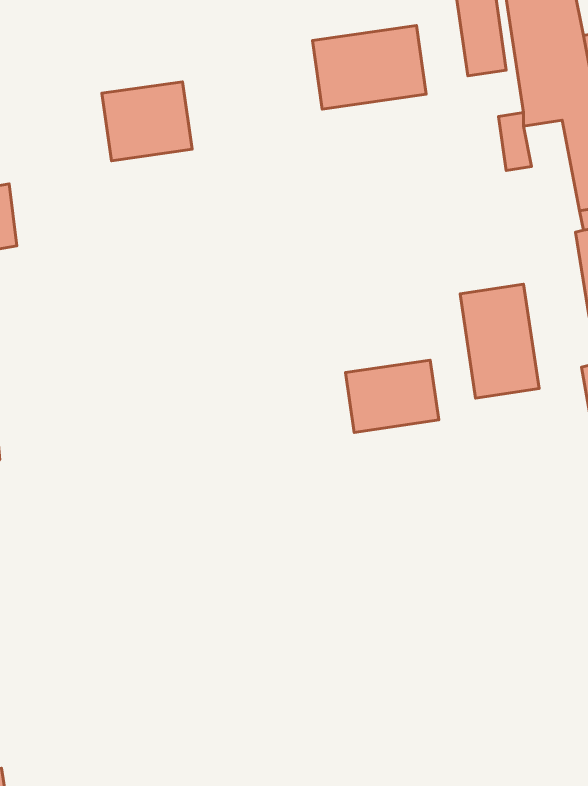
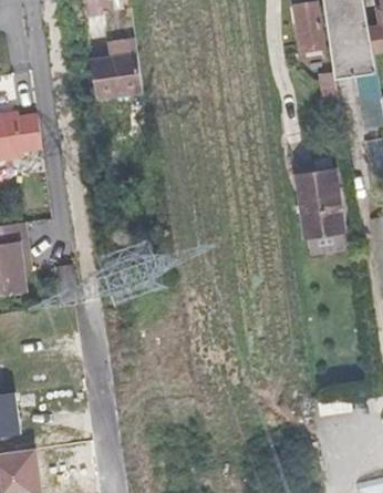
building: [312,26,426,109] -> none
building: [345,360,439,432] -> none

